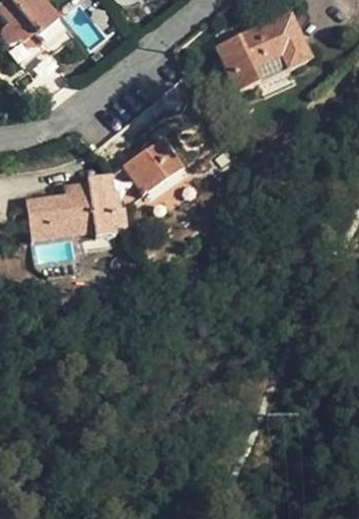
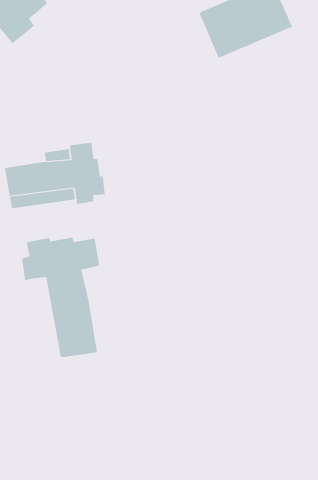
building: [124,136,184,192] -> none
building: none -> [22,237,100,358]

